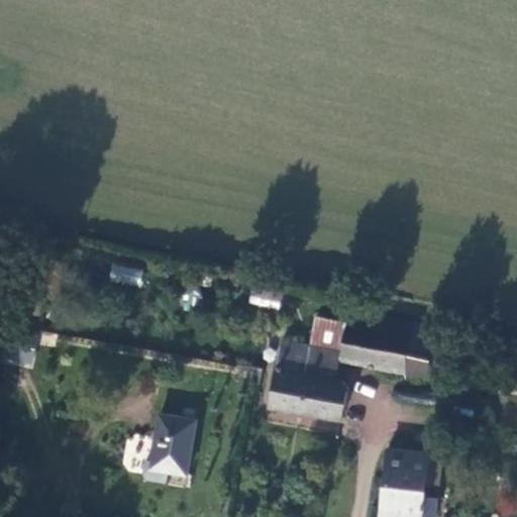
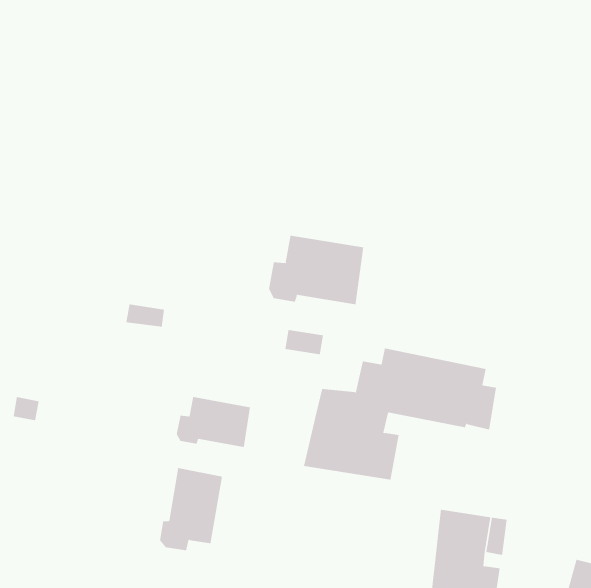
building: none -> [269,235,364,305]
building: none -> [176,396,250,448]

